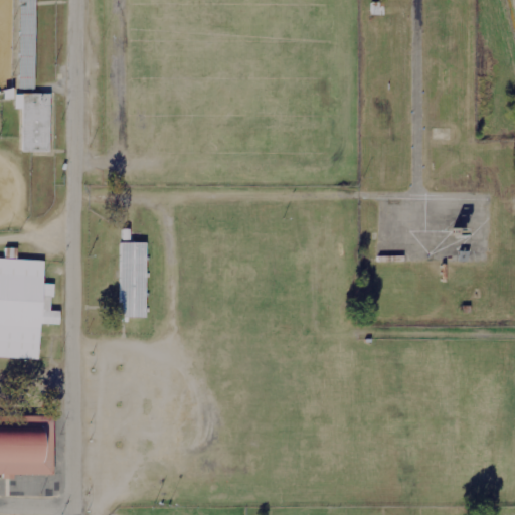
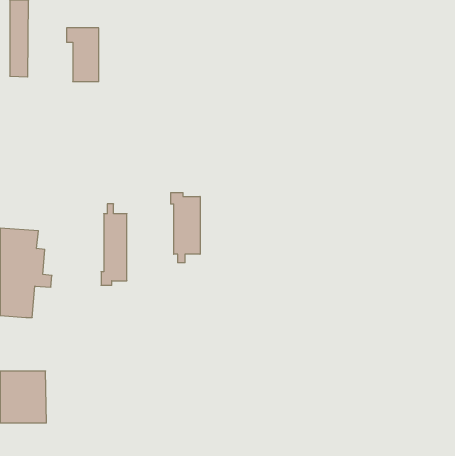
building: [15,96,51,156] -> [67,28,99,82]
building: none -> [171,193,200,263]

